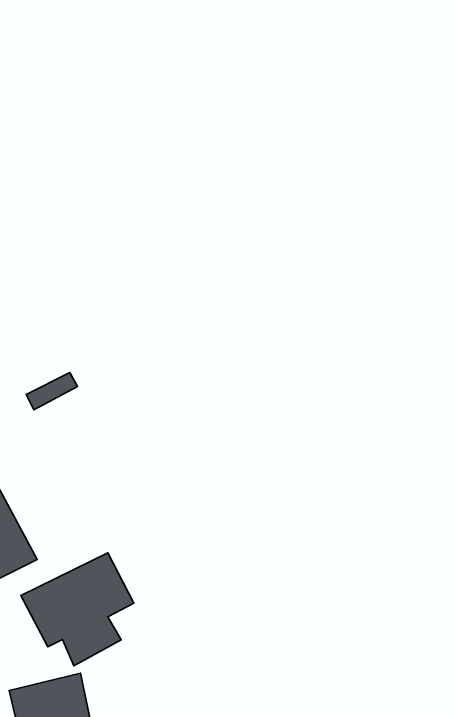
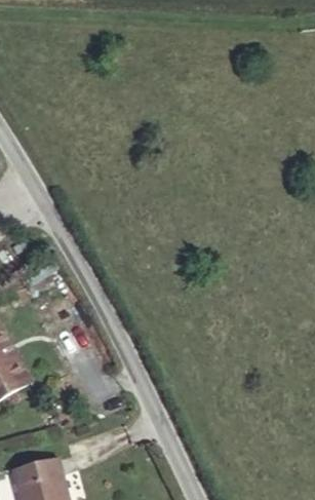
building: [21,553,134,666] -> none

